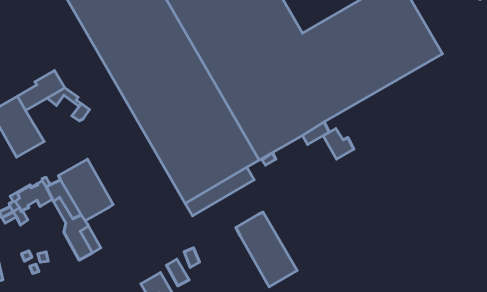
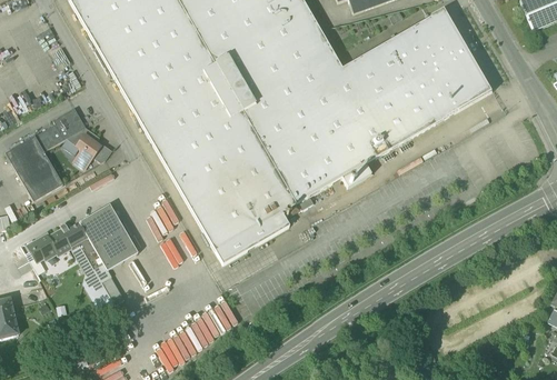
building: none -> [74,134,101,168]
building: [323,128,354,159] -> none
building: [236,212,297,287] -> none

